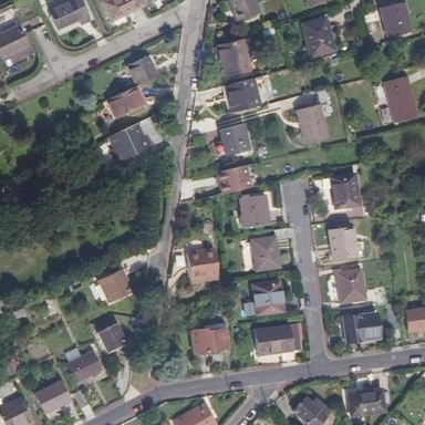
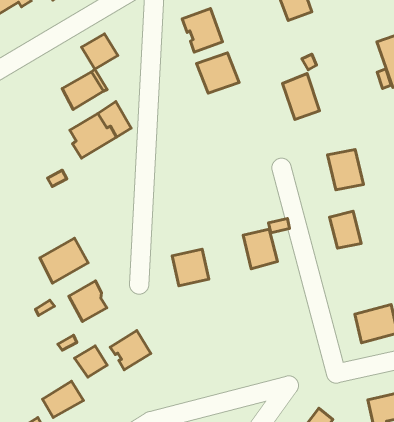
building: [221,125,253,158] -> none
building: [216,167,252,194] -> none
building: [243,193,271,227] -> none
building: none -> [40,238,88,283]
building: [336,269,365,303] -> none
building: [255,281,284,314] -> none
building: none -> [110,331,151,370]
building: [200,324,230,353] -> none
building: [258,324,302,352] -> none

